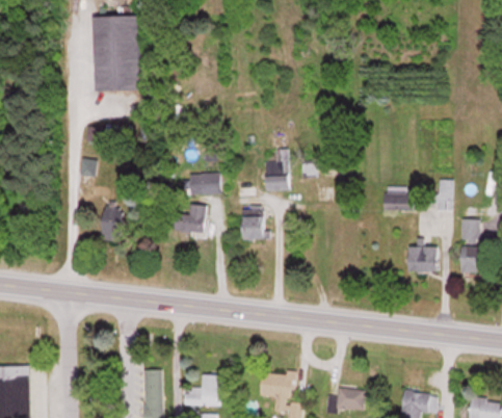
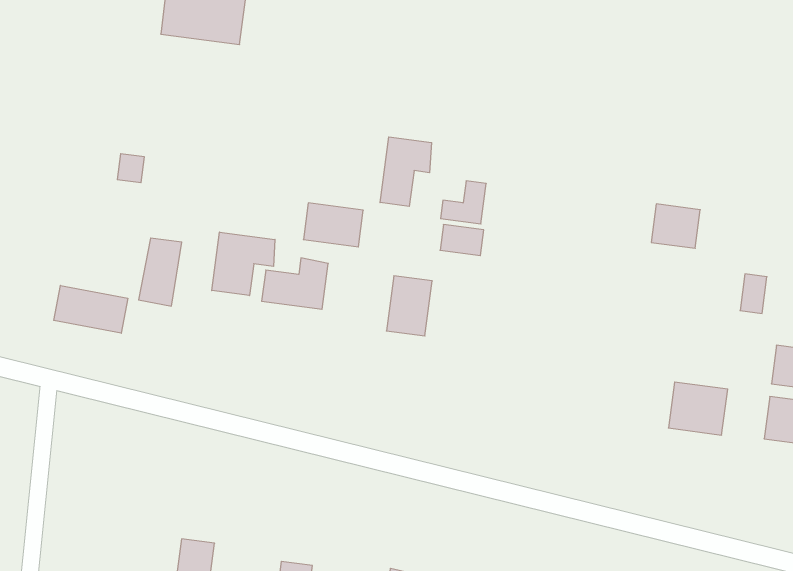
building: none -> [380,137,432,206]
building: [384,188,408,210] -> [651,204,700,248]
building: none -> [212,232,275,296]
building: none -> [54,285,128,333]

